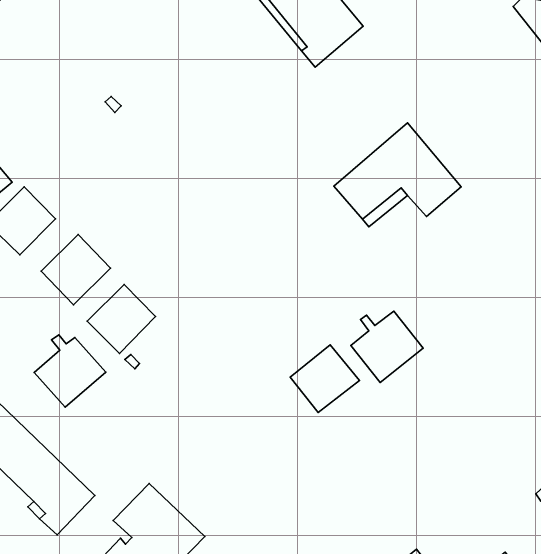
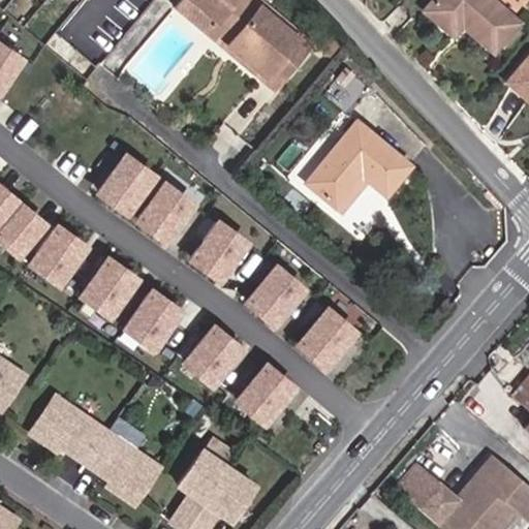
building: none -> [97,155,248,280]
building: [351,311,423,383] -> [246,267,305,326]
building: [34,335,106,407] -> [185,326,243,384]
building: none -> [238,363,295,424]

